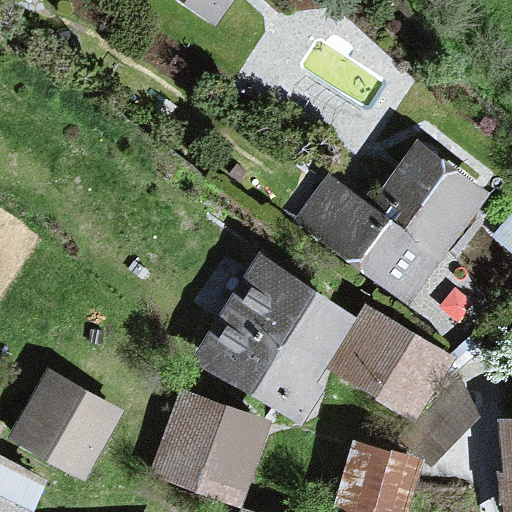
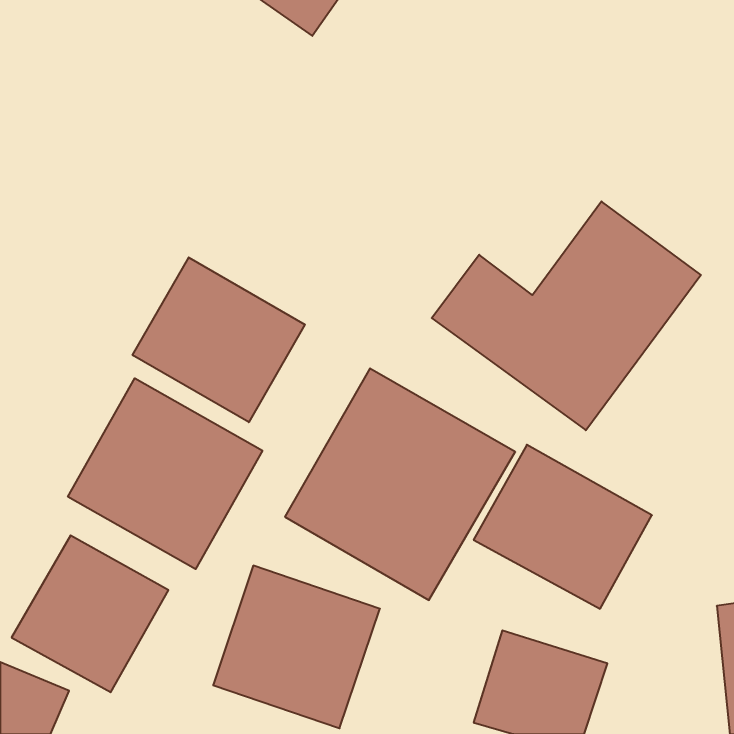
building: none -> [133,257,305,422]
building: none -> [68,378,262,569]

